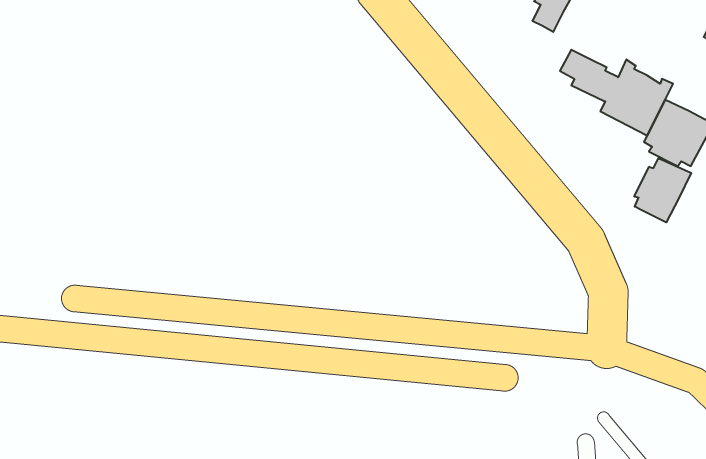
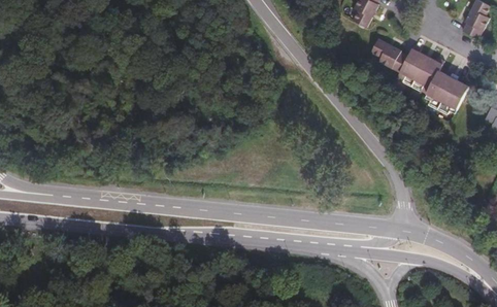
building: [634,158,691,222] -> none

